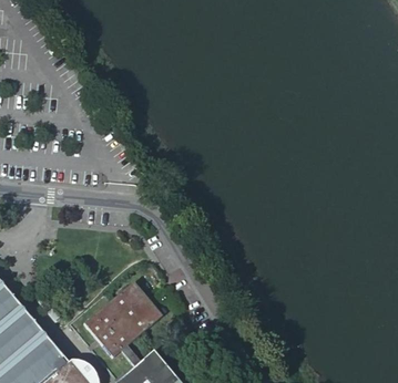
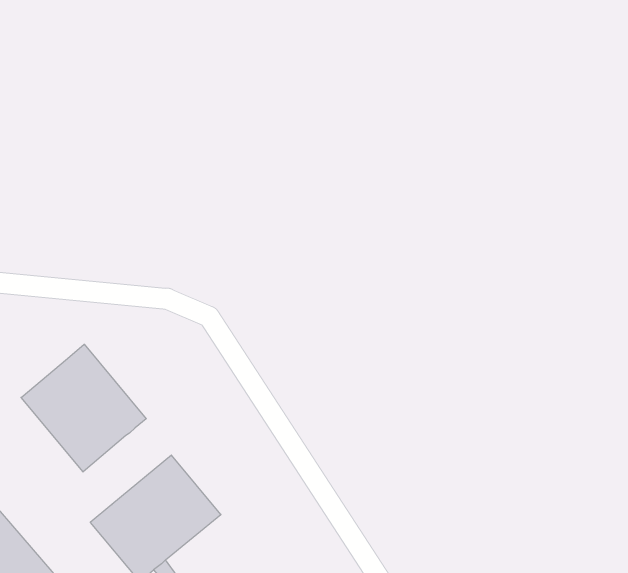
building: none -> [21,344,146,472]

